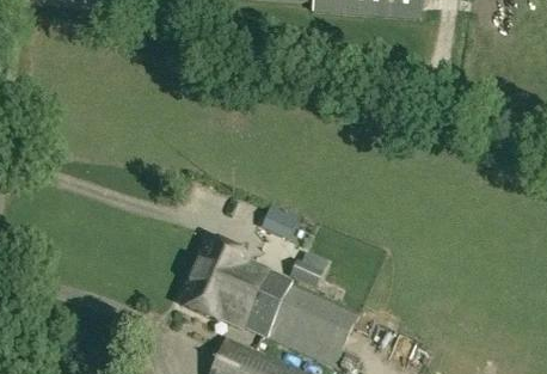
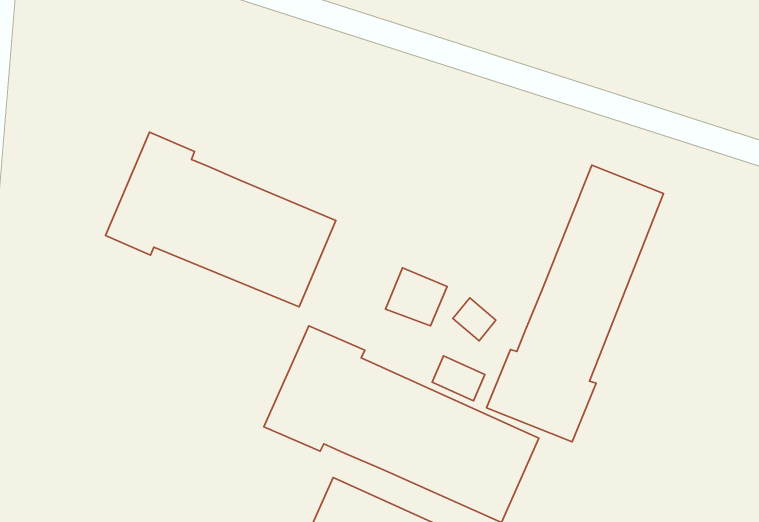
building: none -> [105,132,336,307]
building: none -> [486,165,663,442]

